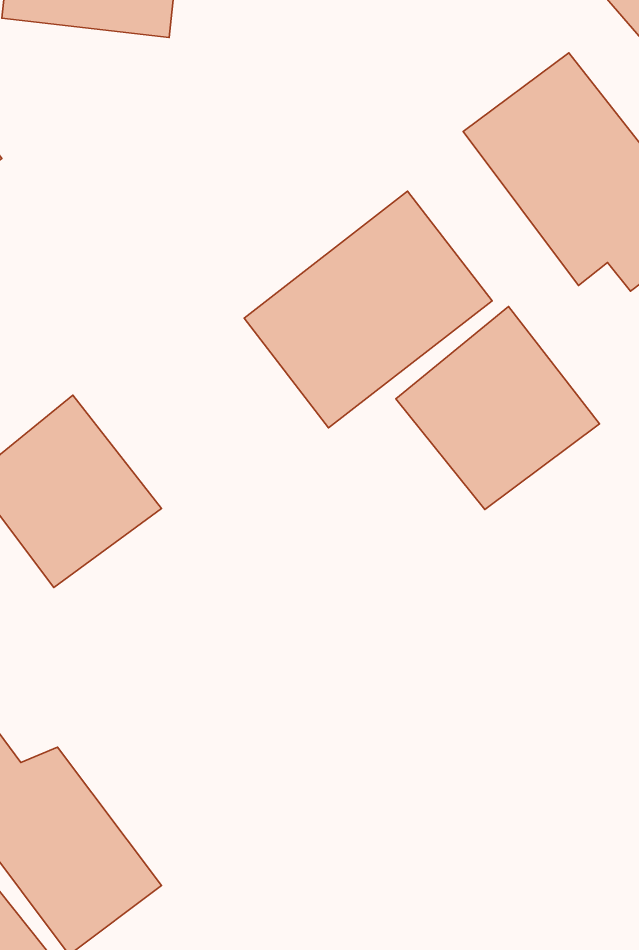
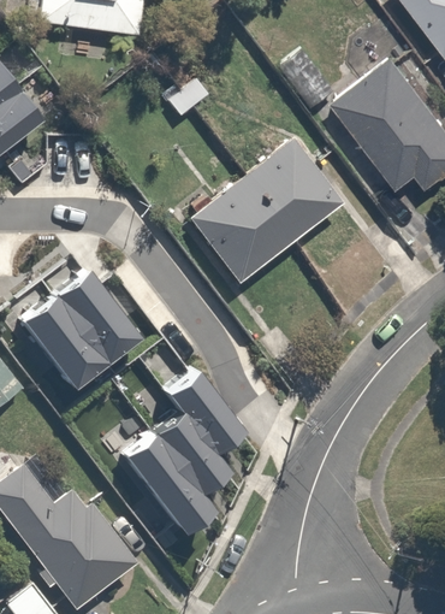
building: [396,306,599,509] -> none
building: none -> [121,365,242,531]

